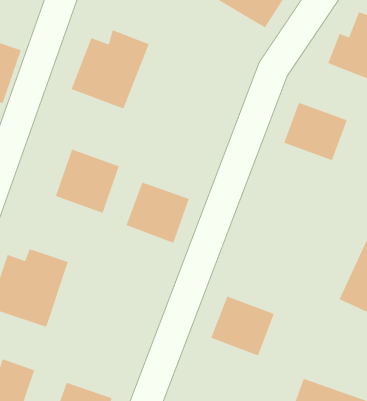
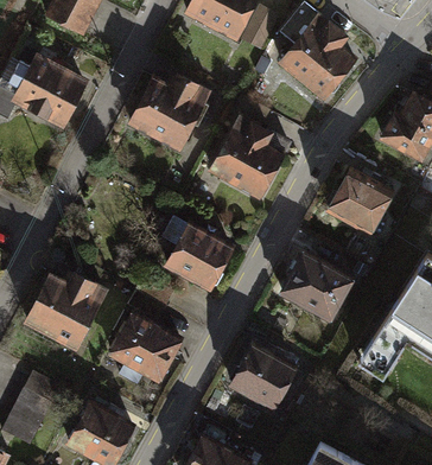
building: none -> [208,114,282,196]
building: [55,149,120,214] -> none
building: none -> [278,250,348,318]
building: none -> [109,313,179,380]

